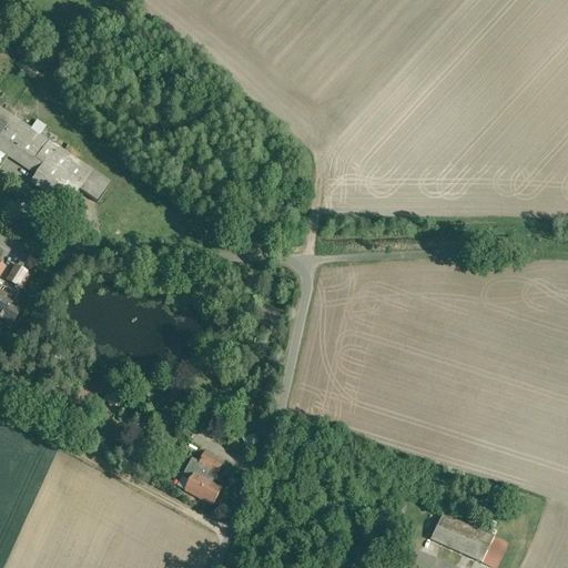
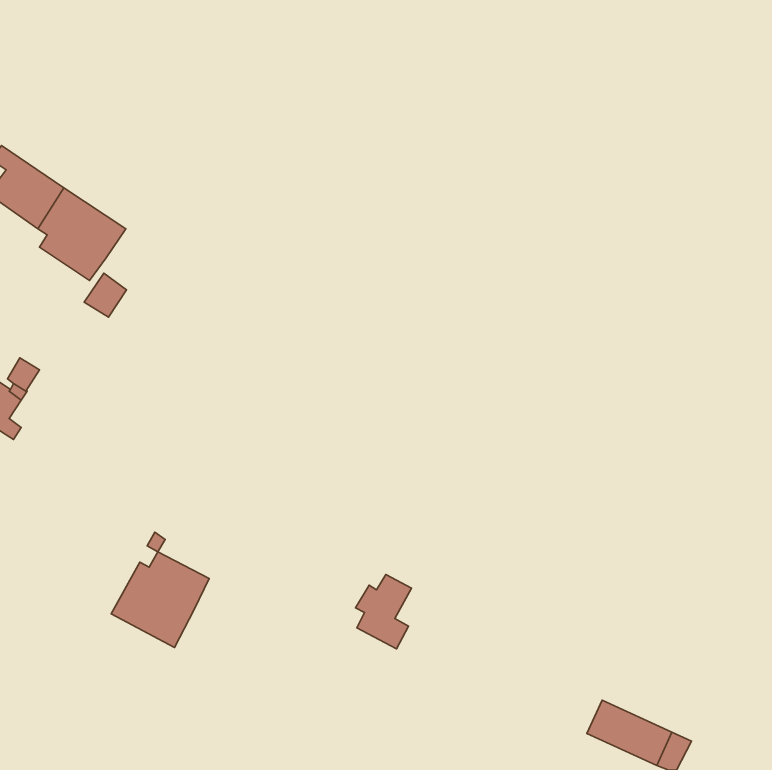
building: [78,168,109,200] -> [84,273,127,317]
building: none -> [111,552,209,648]
building: [181,449,222,504] -> [355,575,412,649]

